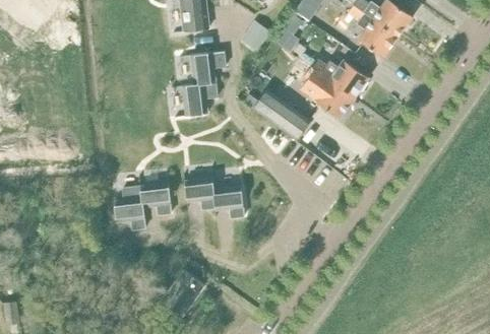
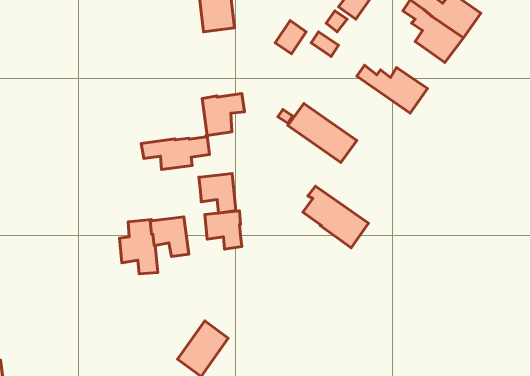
building: [190,52,225,85] -> none
building: [299,68,353,119] -> [303,186,369,248]
building: none -> [141,135,210,169]
building: [212,187,243,219] -> [199,174,236,213]

